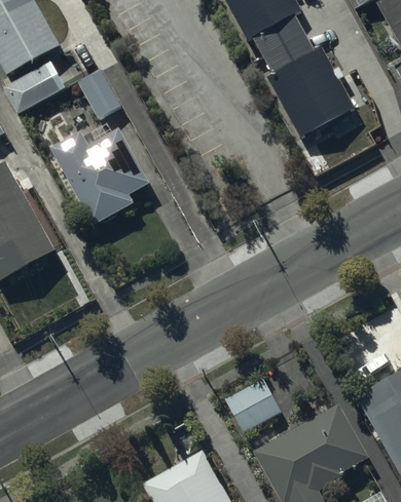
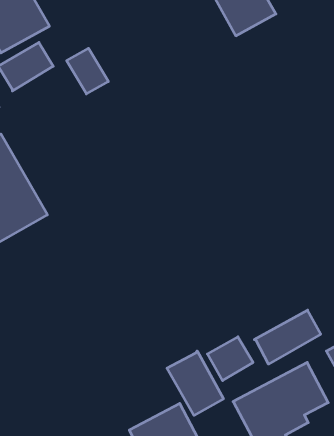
building: [260,32,345,130] -> none
building: [51,128,150,225] -> none
building: none -> [254,310,321,364]
building: none -> [167,351,223,415]

